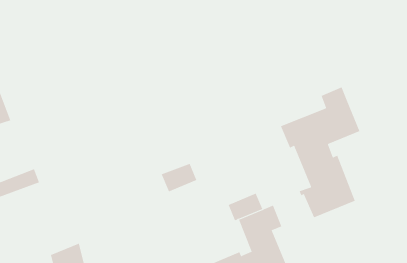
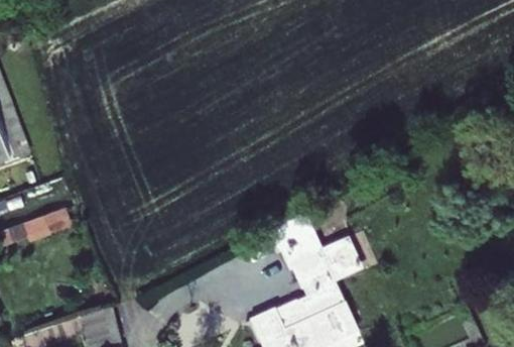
building: [280,87,360,218] -> none
building: [161,163,197,192] -> [275,219,317,253]

